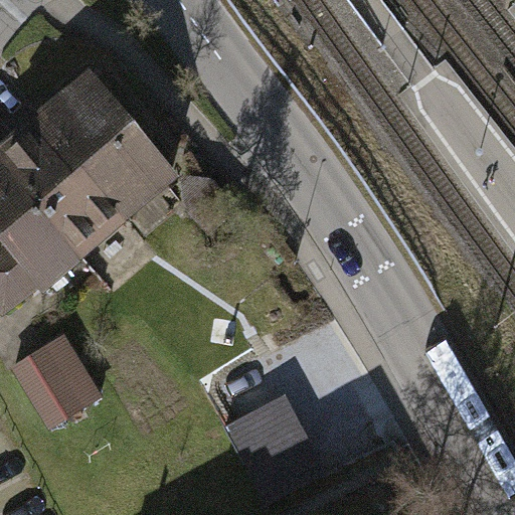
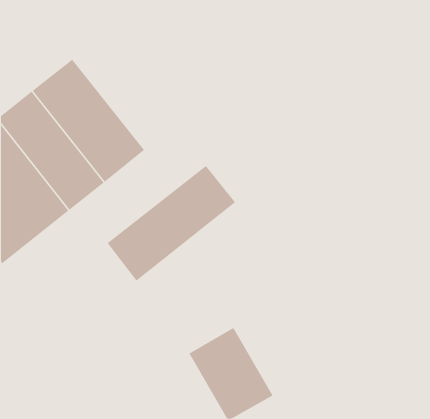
building: none -> [107,165,236,281]
building: [10,334,102,428] -> none

